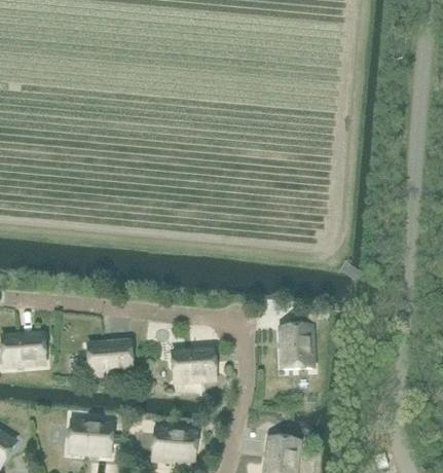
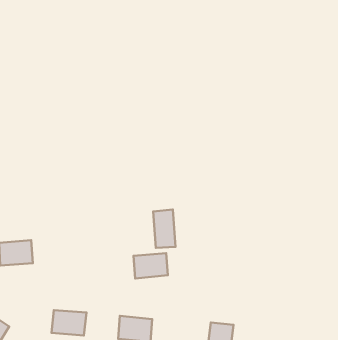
building: none -> [153,210,176,248]
building: [282,324,312,367] -> none
building: [88,340,132,372] -> none

